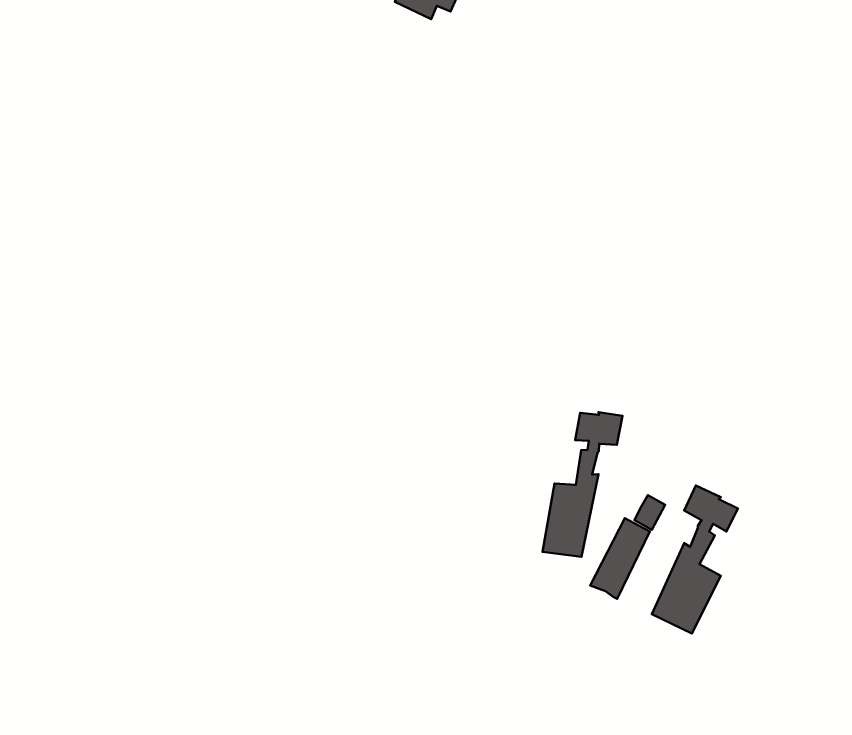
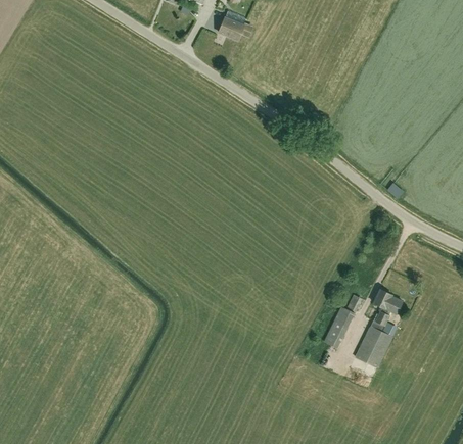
building: [542,412,623,557] -> none

